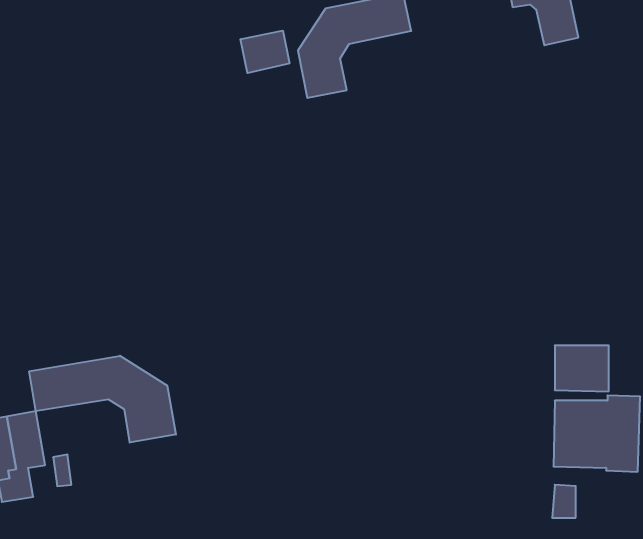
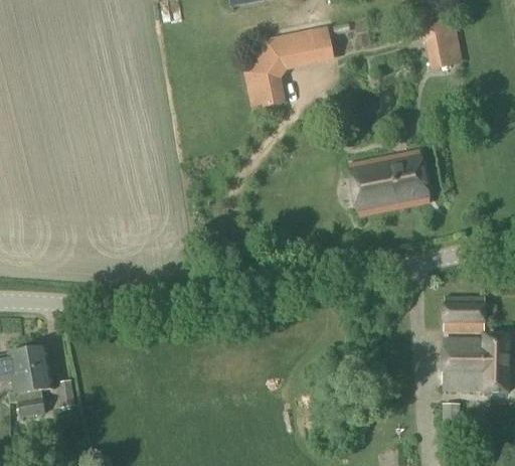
building: [241,31,289,73] -> none
building: none -> [347,152,430,217]
building: [29,356,176,443] -> none

